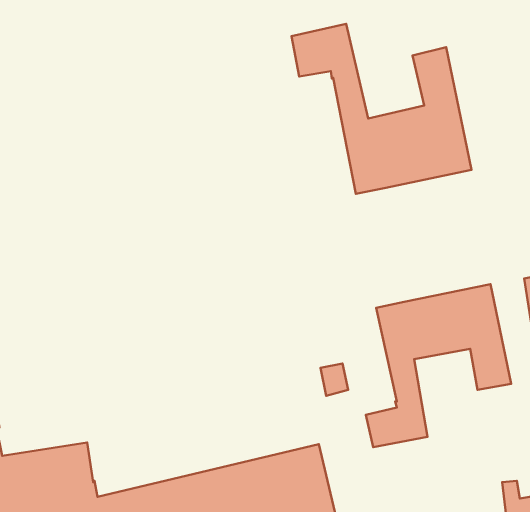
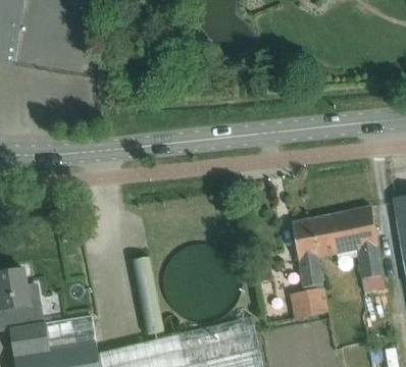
building: [292,24,472,194] -> none

